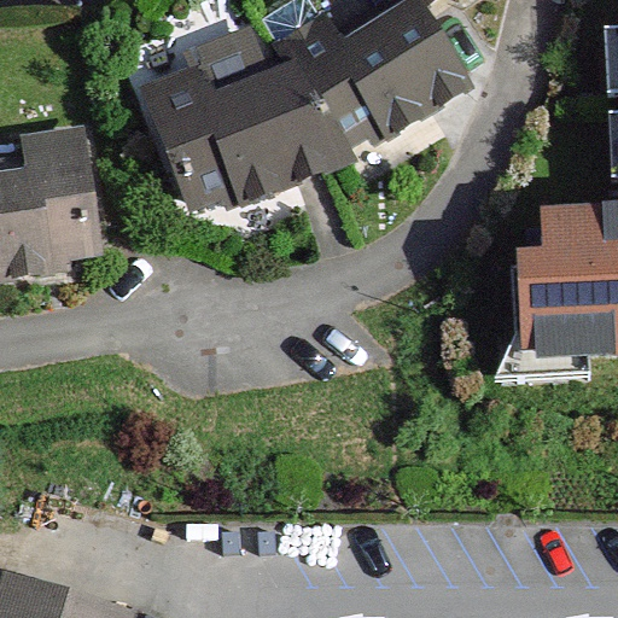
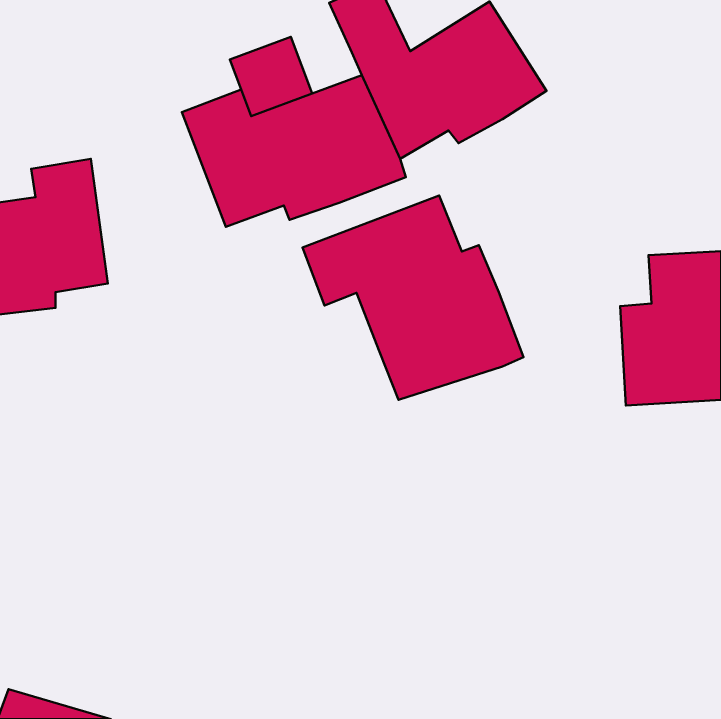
building: none -> [303,196,523,400]

